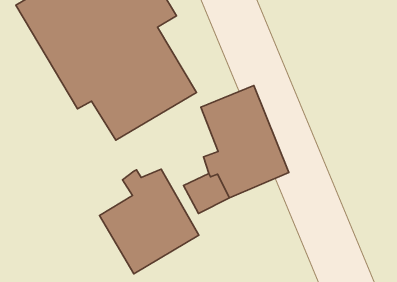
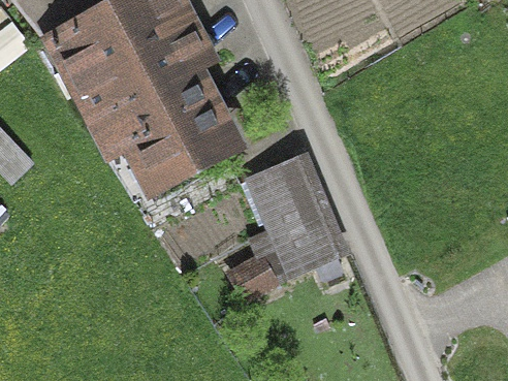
building: [100,169,199,274] -> none

